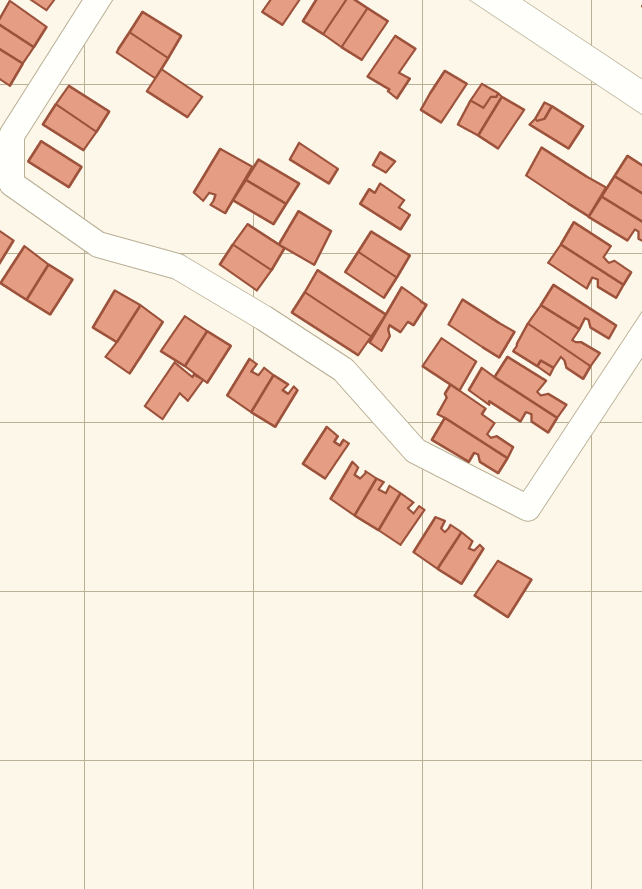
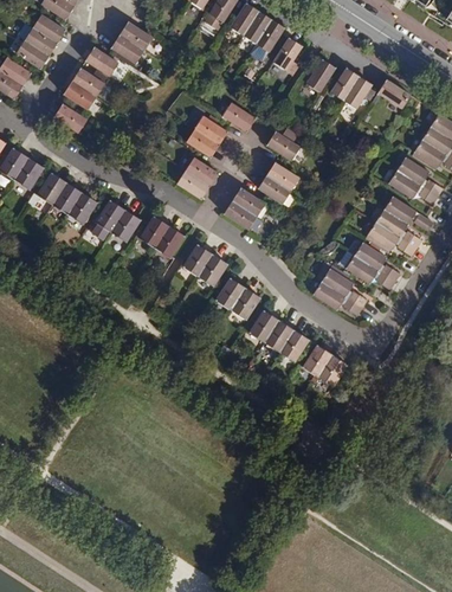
building: [147,69,202,117] -> [84,45,120,76]
building: [526,148,606,216] -> none
building: [194,149,253,213] -> none
building: [279,211,331,265] -> none
building: none -> [67,192,97,225]
building: [369,287,426,351] -> none
building: [449,300,515,357] -> none
building: [422,338,476,390] -> none
building: [145,362,203,419] -> none
building: none -> [214,277,245,310]
building: [475,561,532,617] -> none

